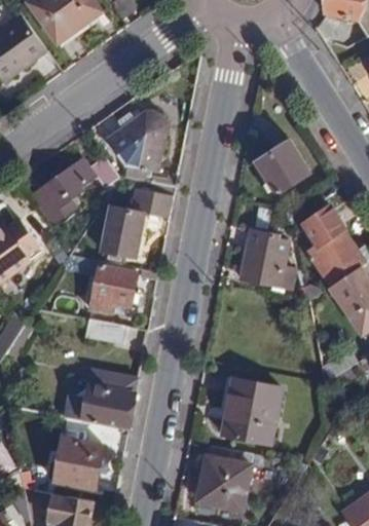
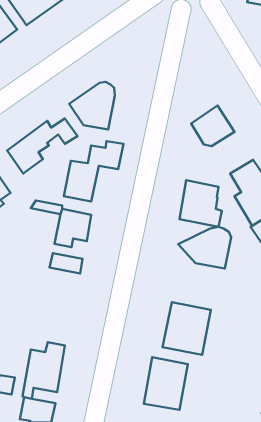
building: none -> [178,227,231,269]
building: [63,370,137,429] -> none

